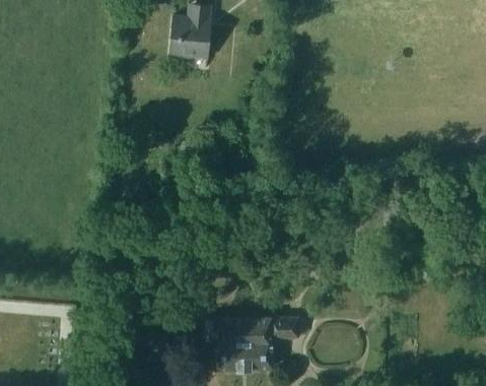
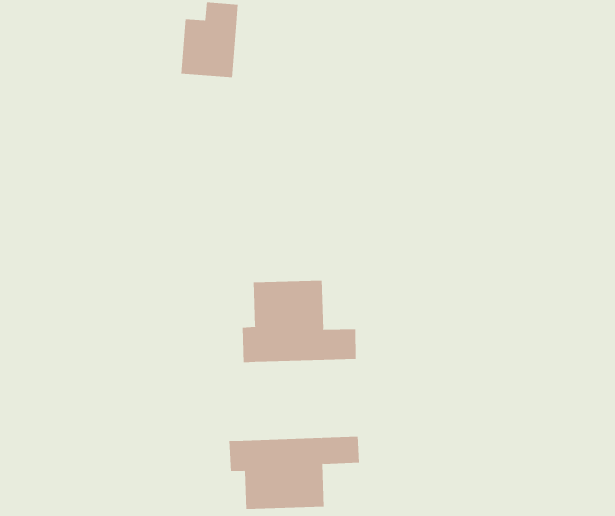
building: none -> [242,280,356,363]

